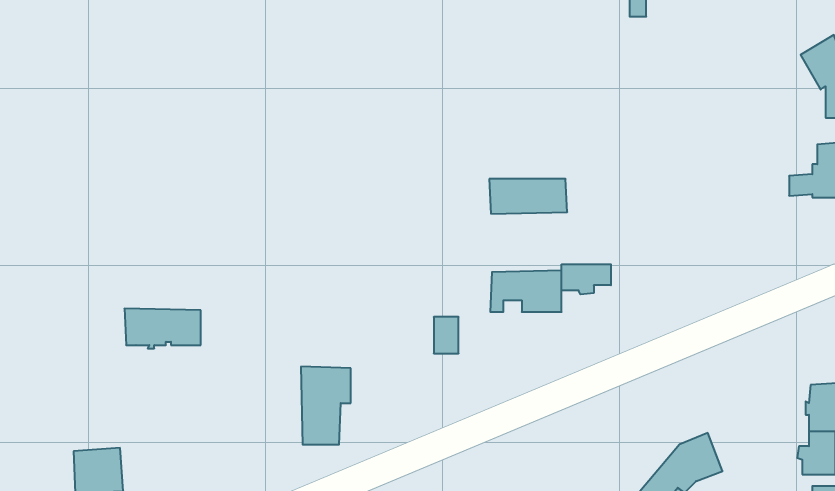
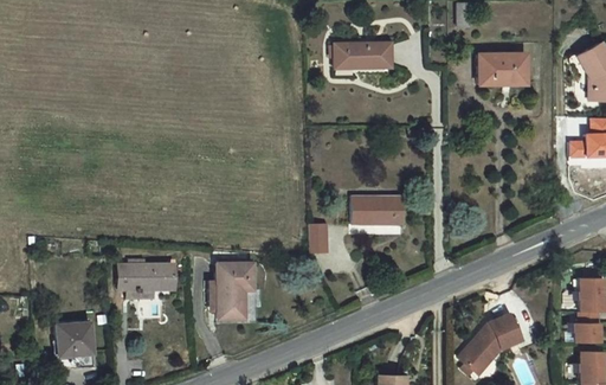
building: none -> [478,49,526,81]
building: [489,179,567,214] -> [334,38,389,63]
building: [562,264,611,294] -> none
building: [124,309,201,348] -> [122,270,176,299]

